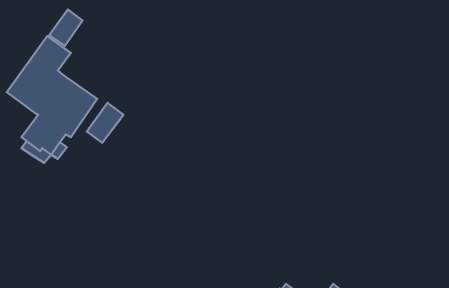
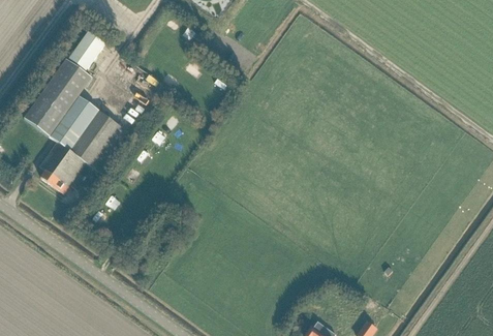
building: [87,103,123,143] -> none

